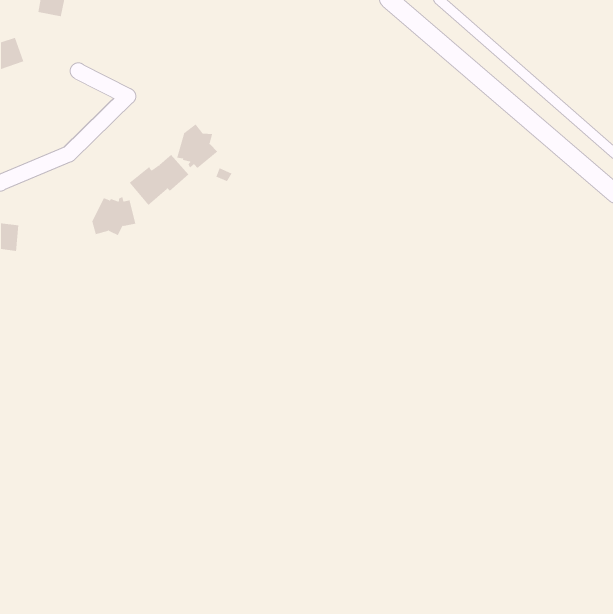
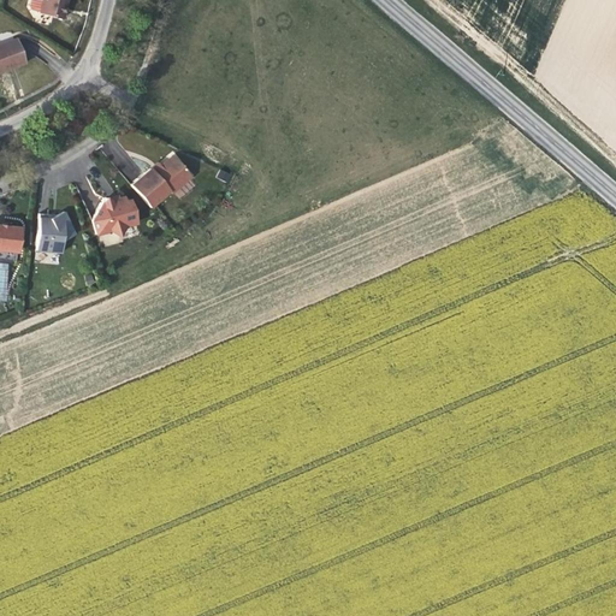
building: [177,123,218,169] -> none
building: none -> [37,211,77,254]

